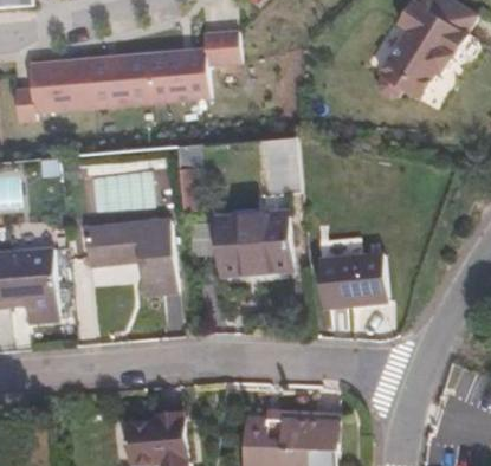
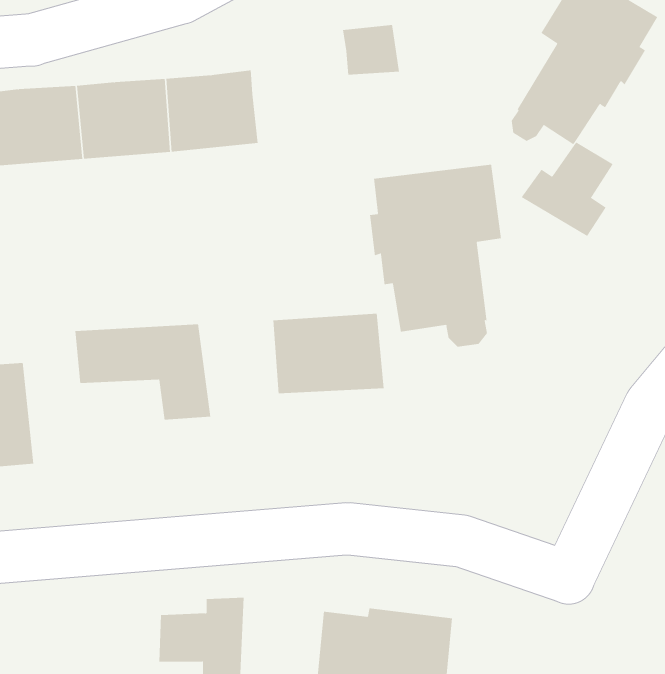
building: [200,32,239,66] -> [342,24,400,75]
building: none -> [521,142,614,237]
building: none -> [369,164,501,347]
building: [330,259,394,308] -> none

